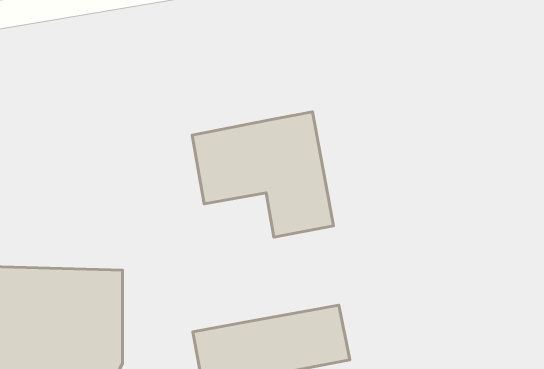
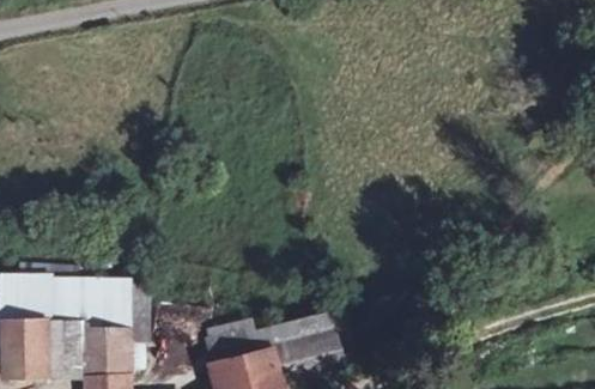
building: [192,112,334,237] -> none

